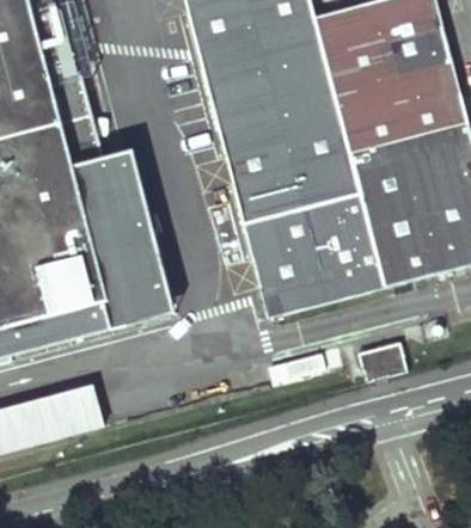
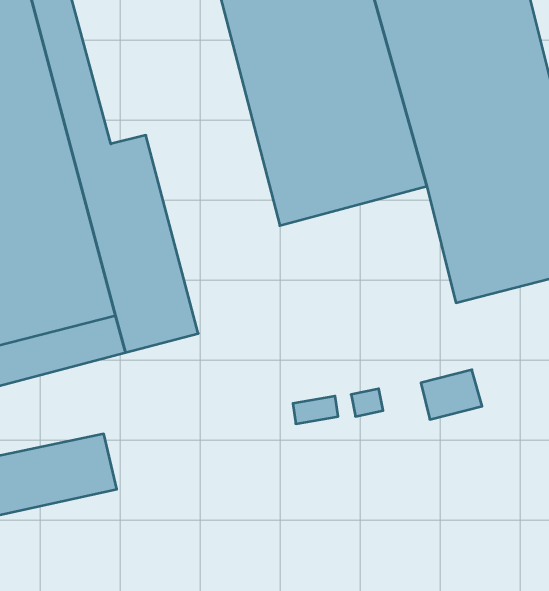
building: [239,189,384,313] -> none

